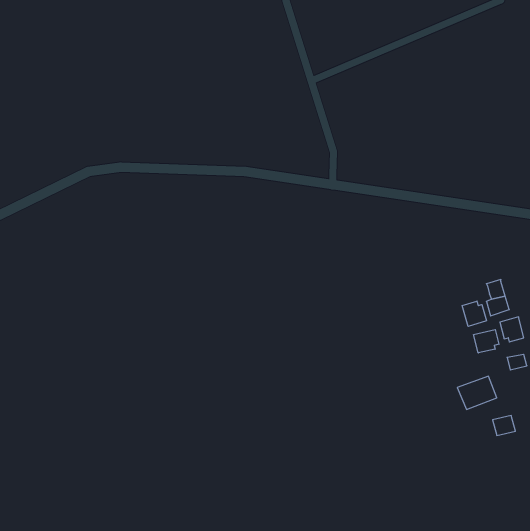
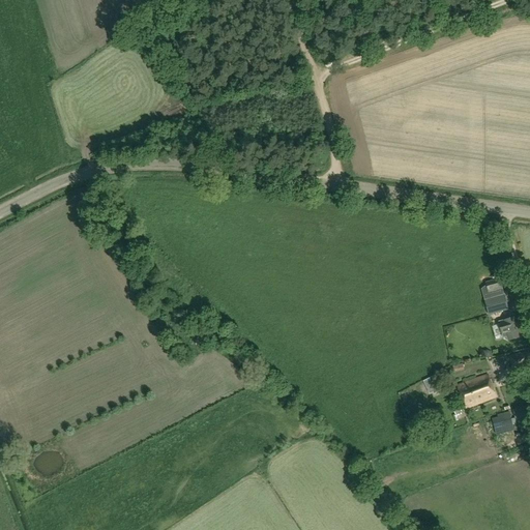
building: [462,301,486,326] -> none
building: [474,330,499,353] -> none

